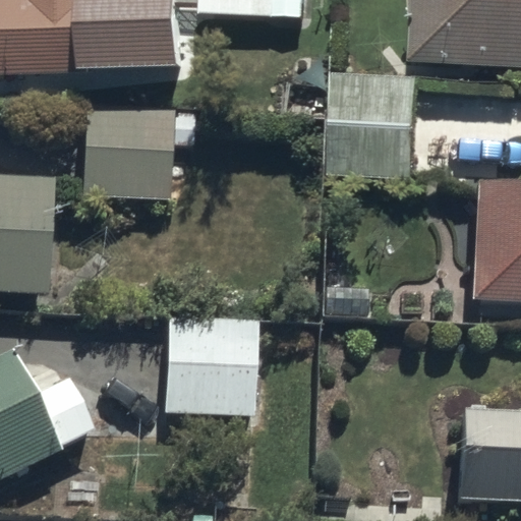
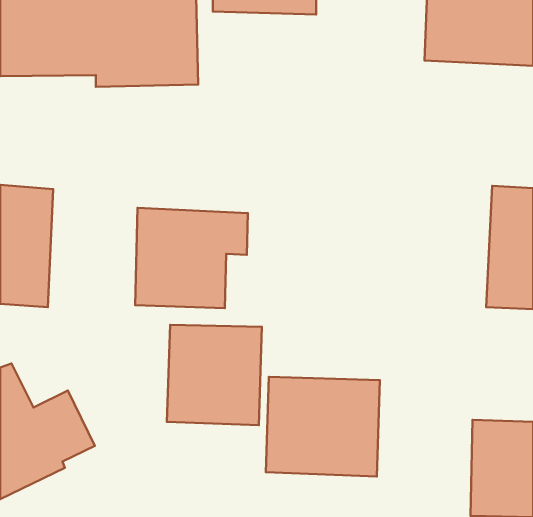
building: [329,69,421,173] -> none
building: [82,99,192,196] -> [135,208,248,308]
building: none -> [266,377,380,476]

